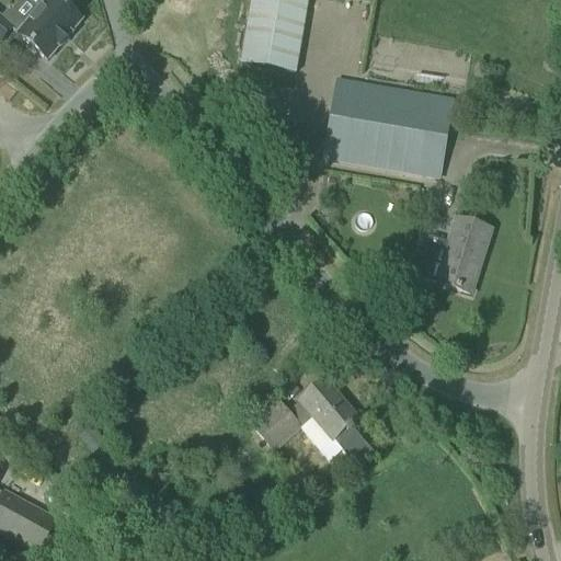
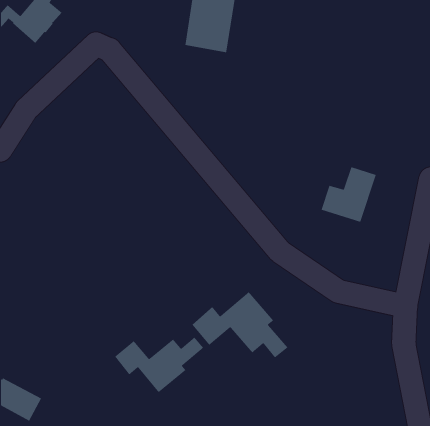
building: [324,78,453,176] -> none
building: none -> [114,337,204,393]

